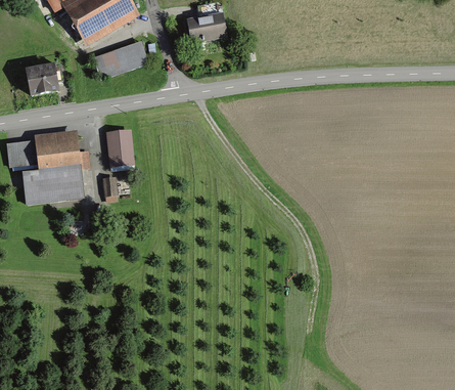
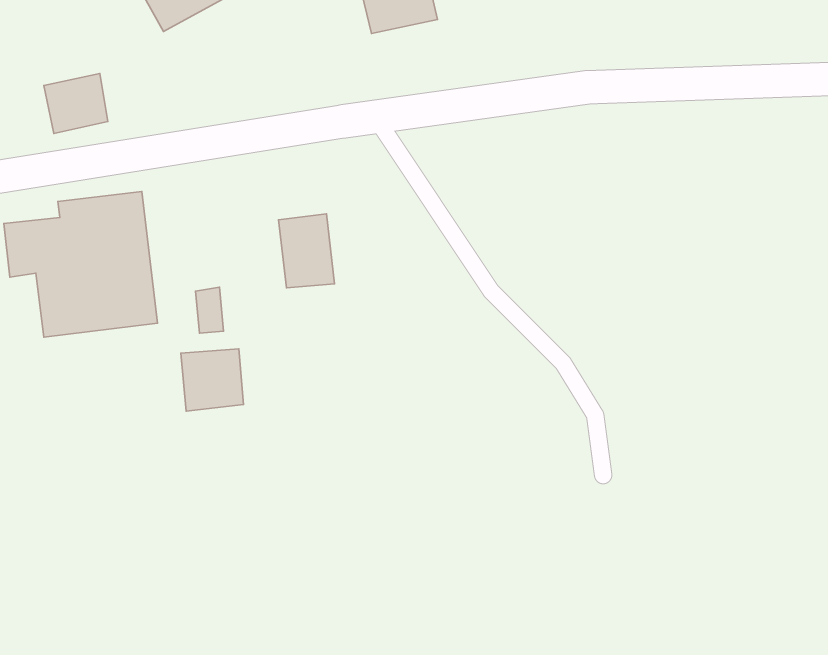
building: [94,42,145,79] -> none
building: [106,129,135,167] -> [279,214,335,288]
building: none -> [181,349,243,411]

